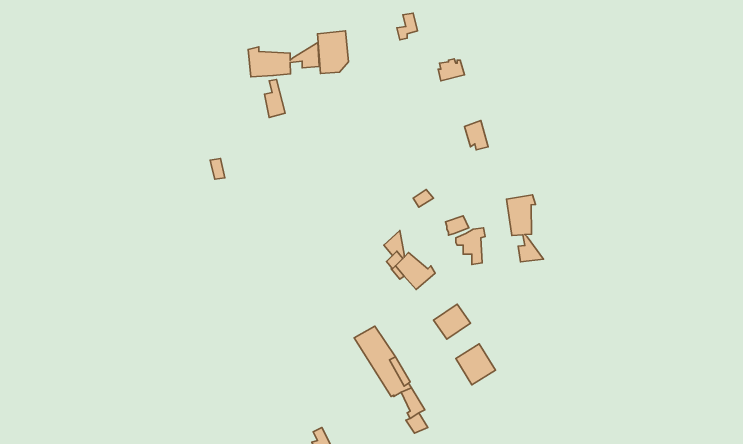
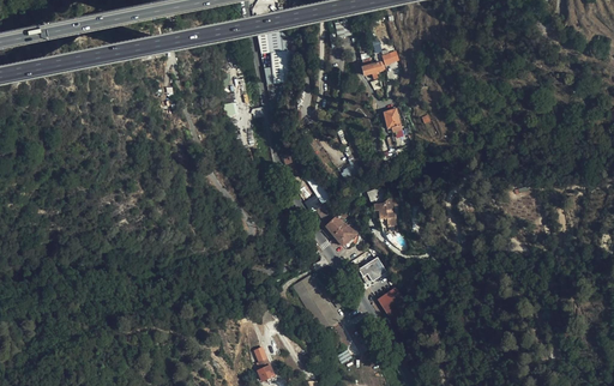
building: [248,42,319,77] -> none
building: [507,195,543,262] -> none

